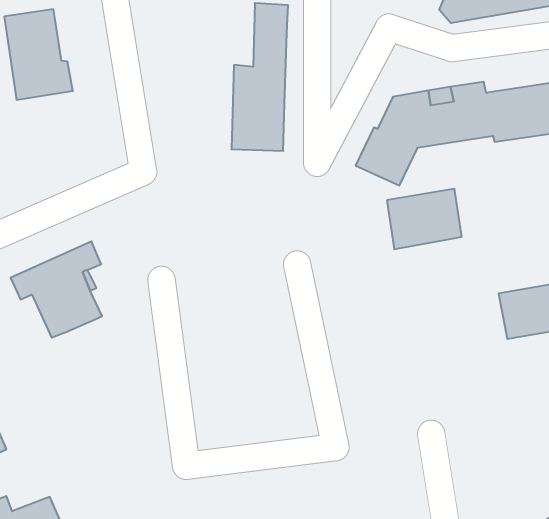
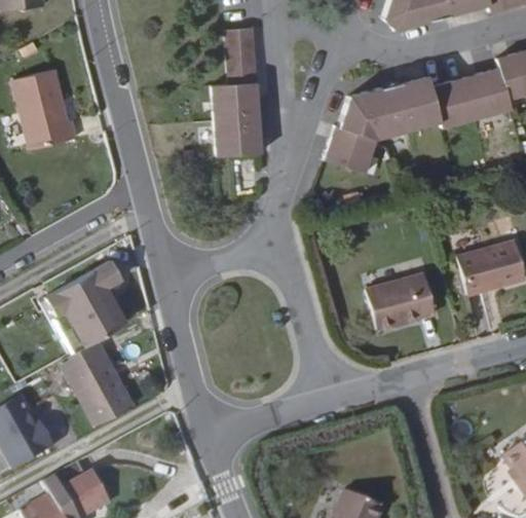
building: [387,189,462,249] -> [367,274,434,331]
building: none -> [53,327,136,427]

